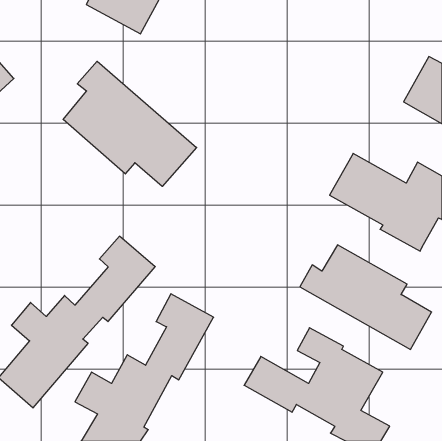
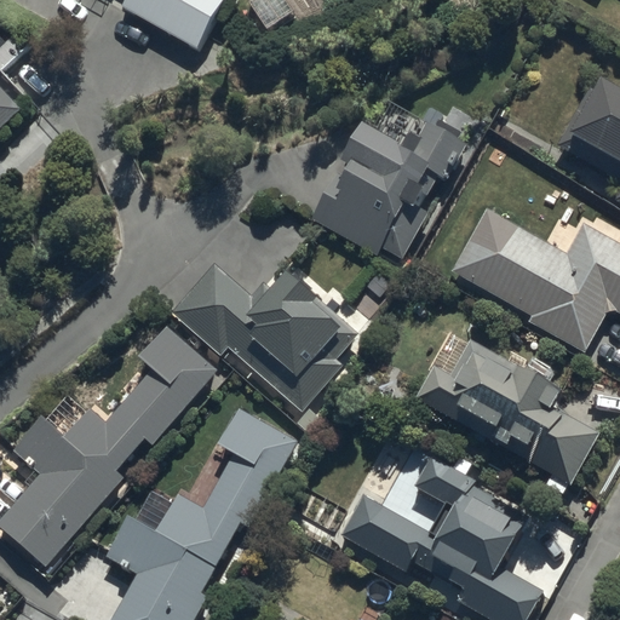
building: [63,61,197,186] -> none
building: none -> [309,120,463,257]
building: none -> [170,263,357,411]

